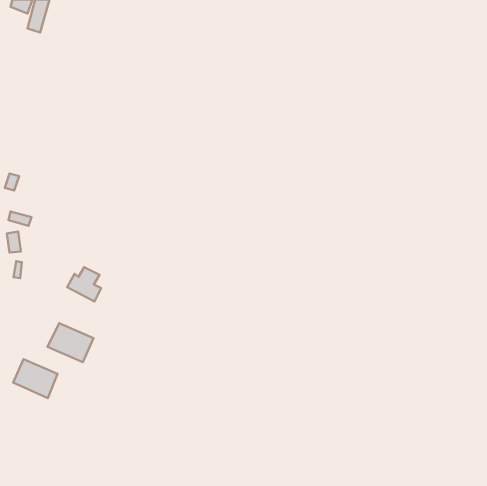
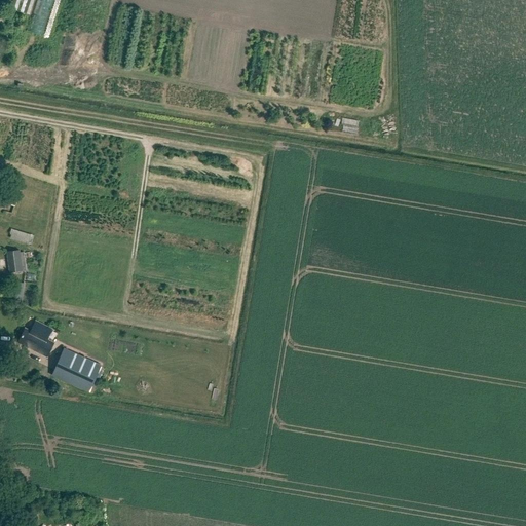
building: [67,267,101,302] -> [17,320,54,356]
building: [13,359,57,398] -> none

